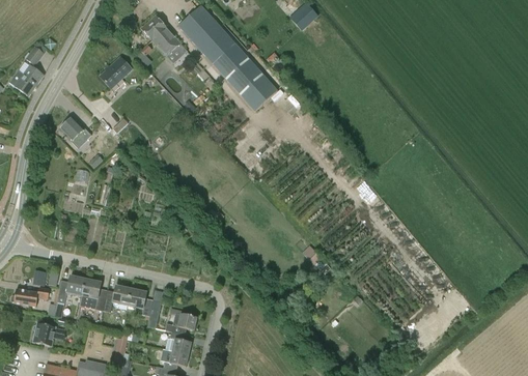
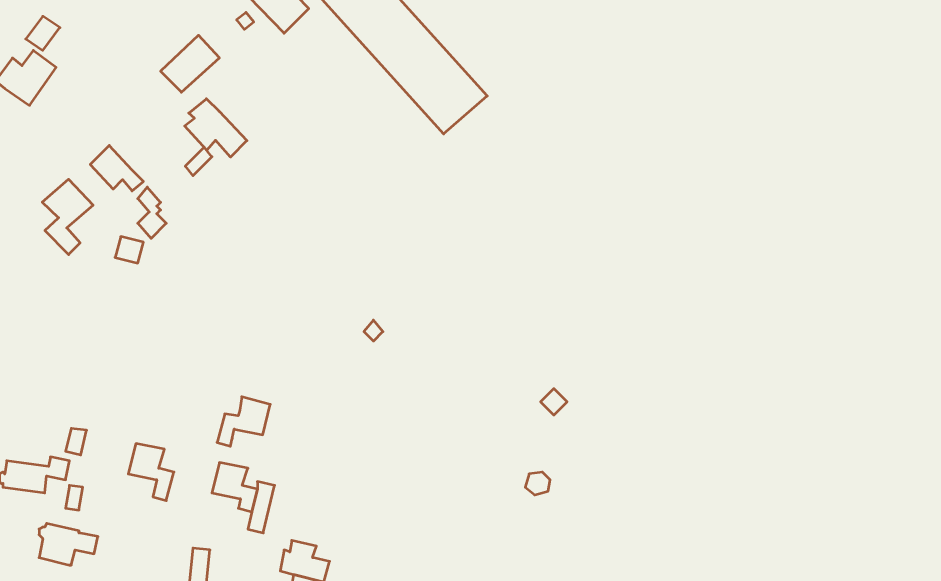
building: none -> [185,99,247,157]
building: none -> [42,179,93,255]
building: [57,276,86,303] -> none
building: [103,286,132,313] -> [217,397,270,446]
building: [165,309,197,336] -> none

